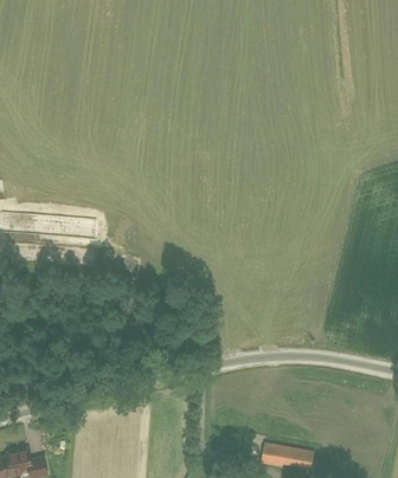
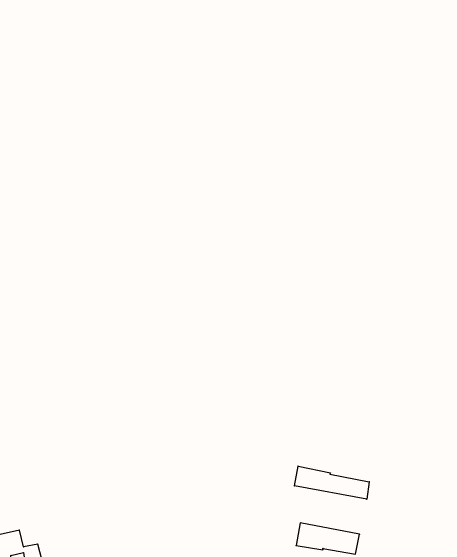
building: none -> [294,466,369,499]

